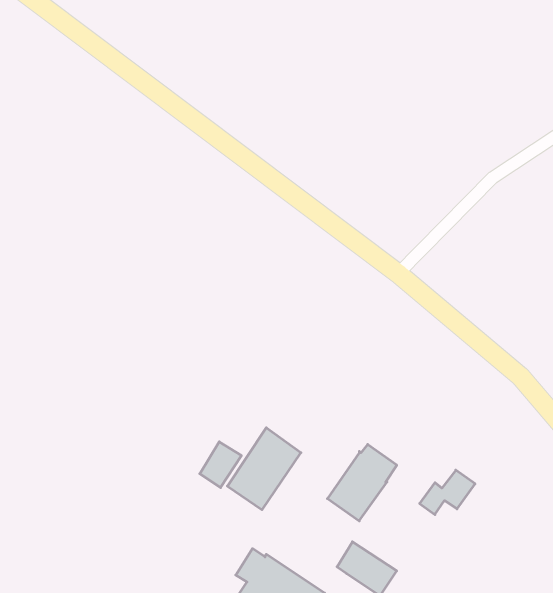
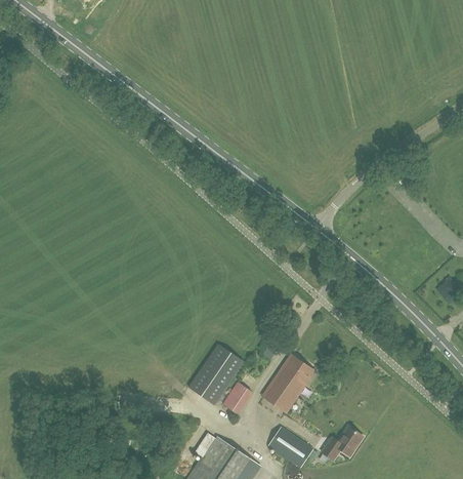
building: [200,442,241,488] -> [220,382,251,415]
building: [420,470,475,515] -> [322,428,363,461]

